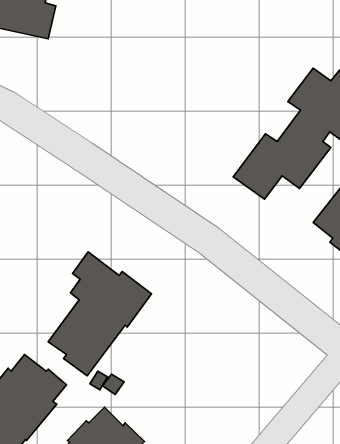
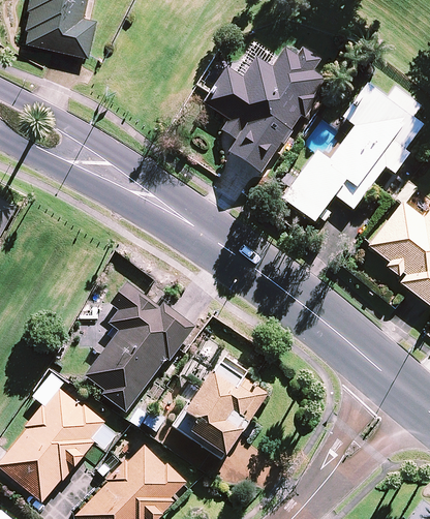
building: none -> [201,49,322,173]
building: none -> [172,354,267,458]

